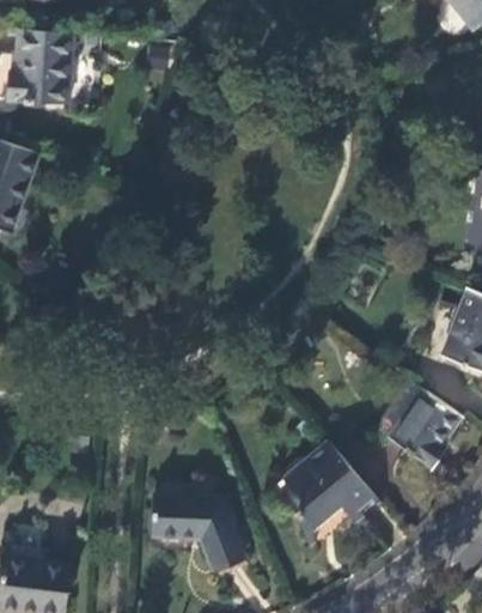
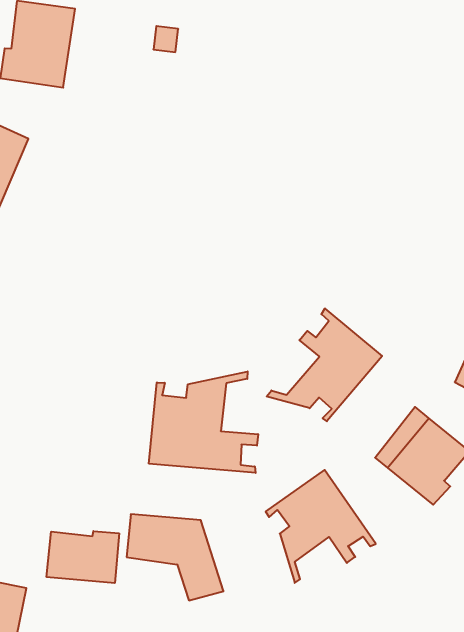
building: none -> [267,308,382,421]
building: none -> [149,371,258,473]
building: none -> [47,531,119,583]

